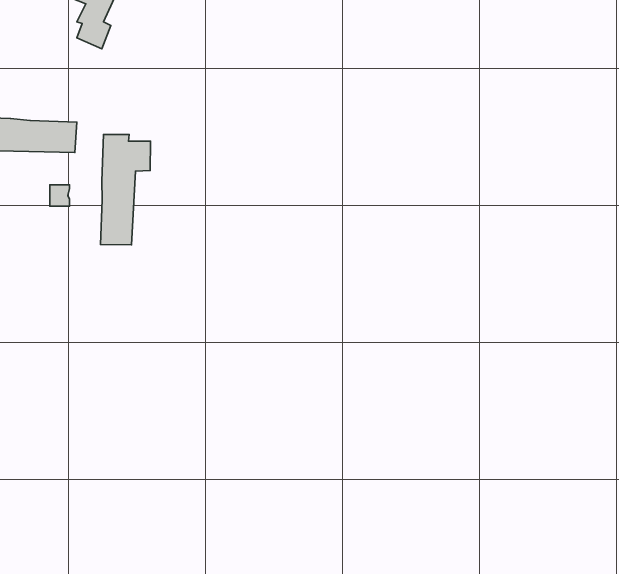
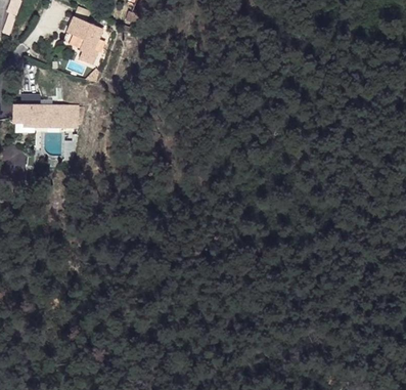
building: [101,134,151,245] -> none

